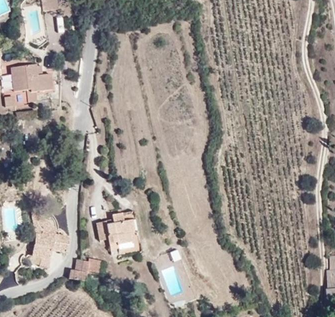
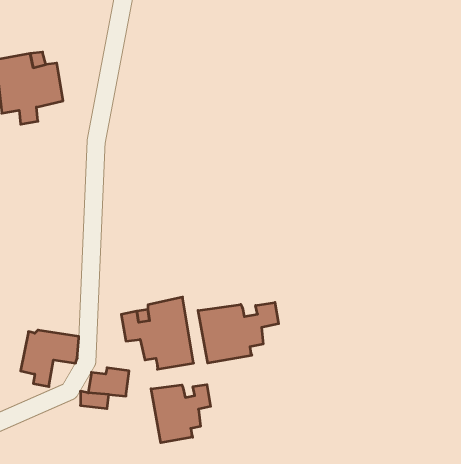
building: none -> [198,302,279,363]
building: none -> [151,385,211,443]

